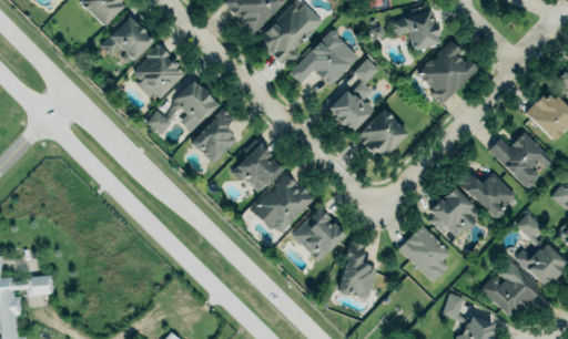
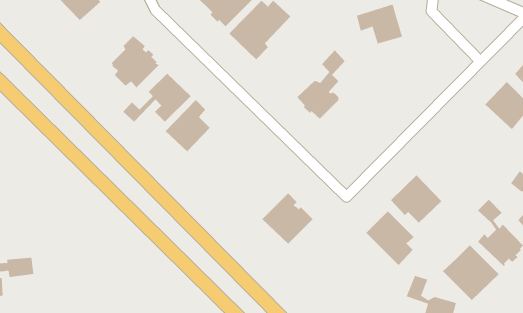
building: [100,17,153,61] -> none
building: [287,27,357,85] -> none
building: [420,40,479,103] -> none
building: [355,110,407,155] -> none
building: [488,132,552,188] -> none
building: [231,141,284,191] -> none
building: [458,171,516,216] -> none
building: [252,174,314,232] -> none
building: [338,239,378,298] -> none

